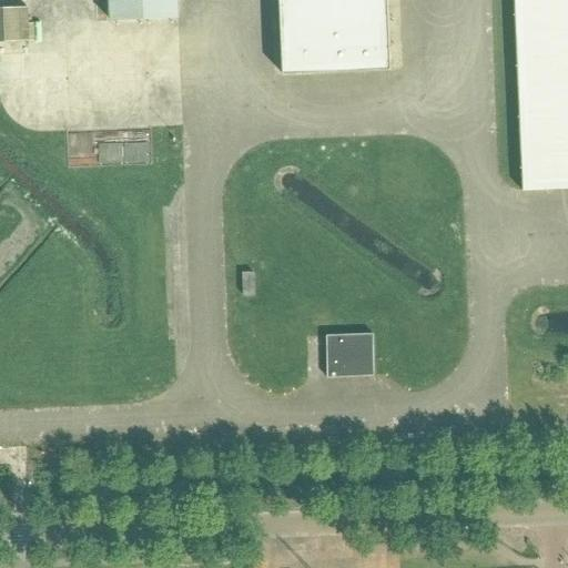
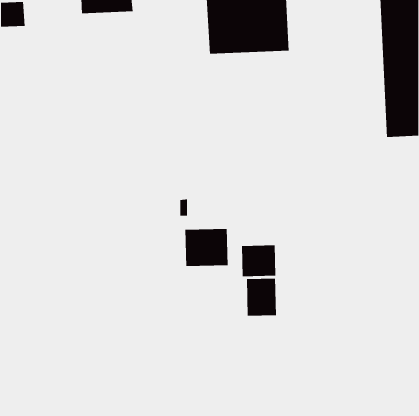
building: none -> [185,228,228,267]
building: none -> [246,278,276,316]

